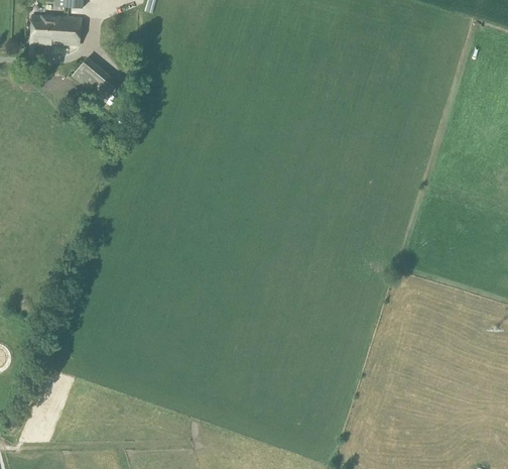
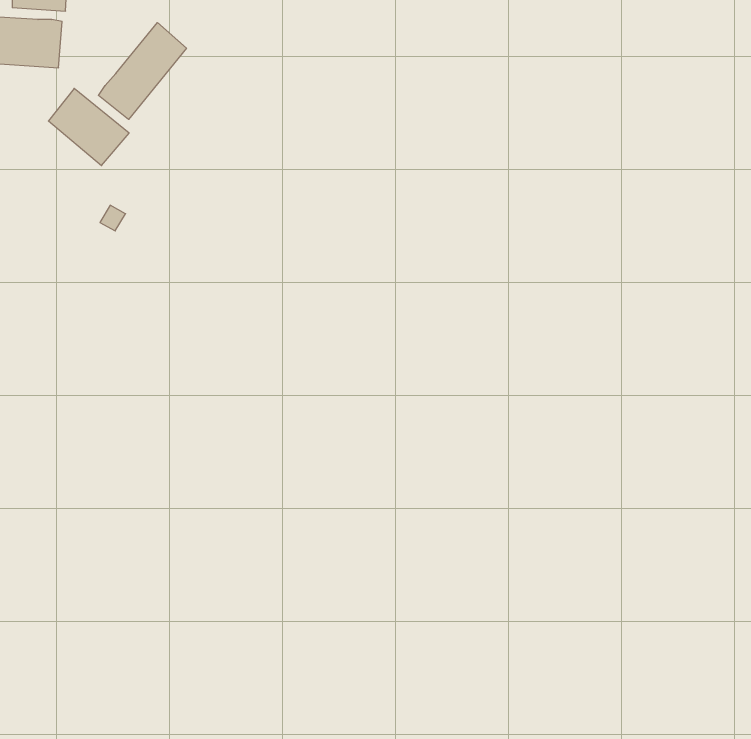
building: none -> [98,23,186,119]

